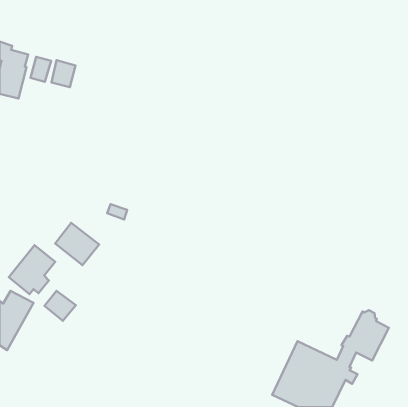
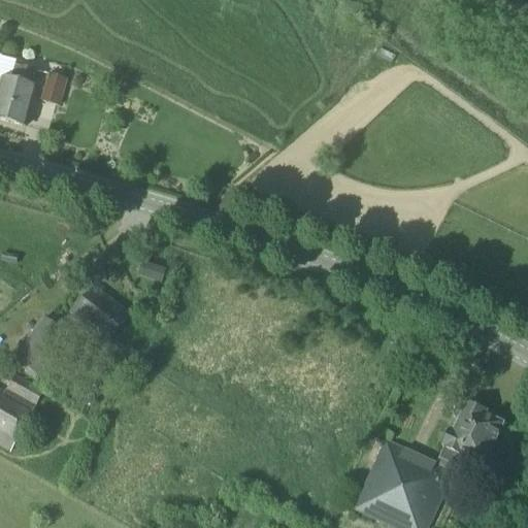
building: [52,60,76,87] -> none
building: [44,291,76,321] -> none

